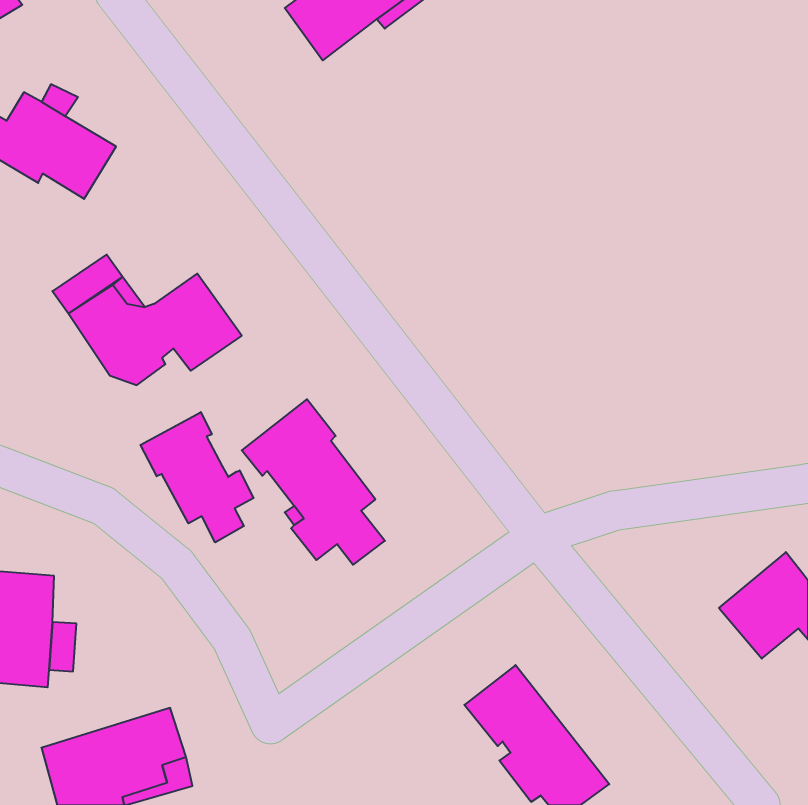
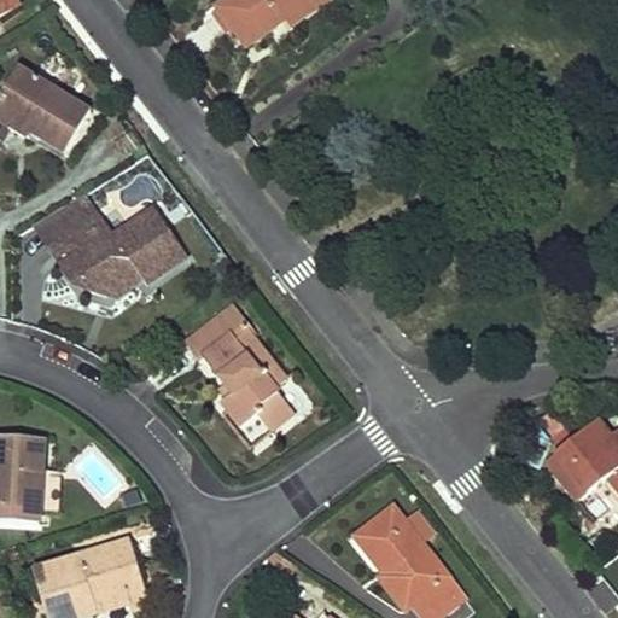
building: [140,412,254,542] -> none

